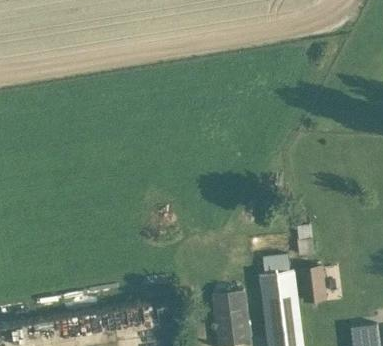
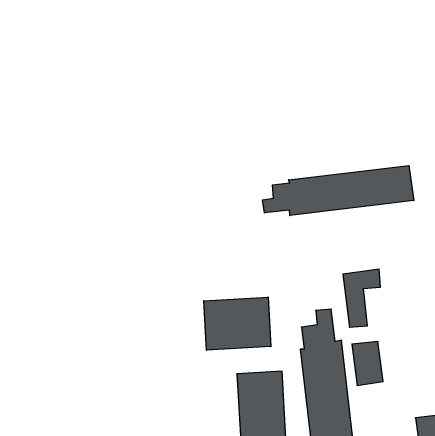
building: none -> [262,166,414,216]
building: none -> [204,297,271,350]

